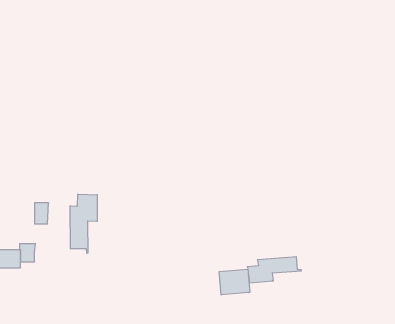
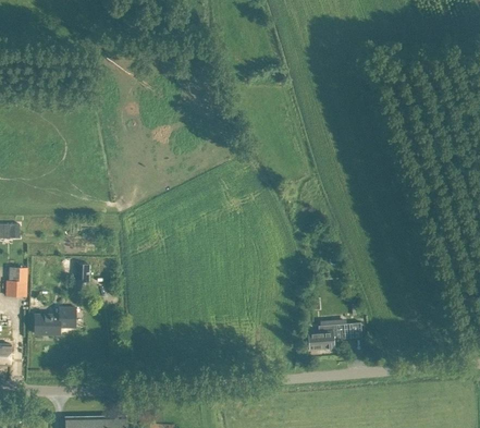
building: [70,194,97,253] -> none
building: [219,269,250,295] -> none

